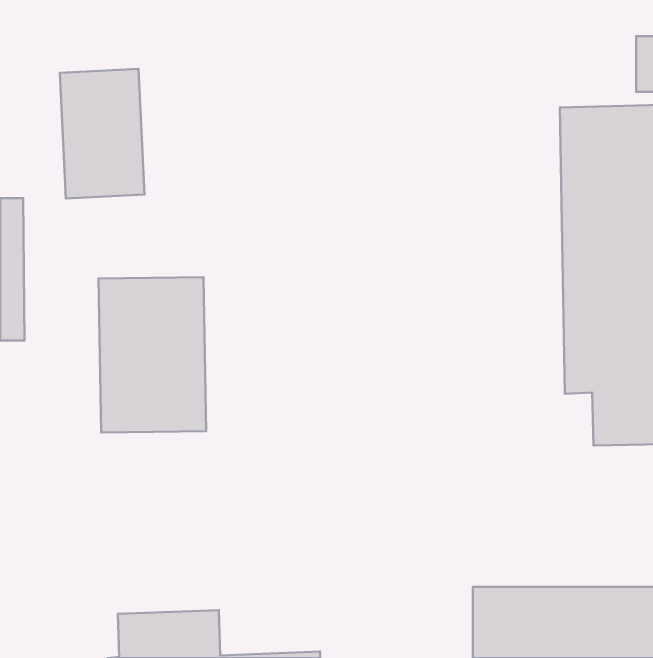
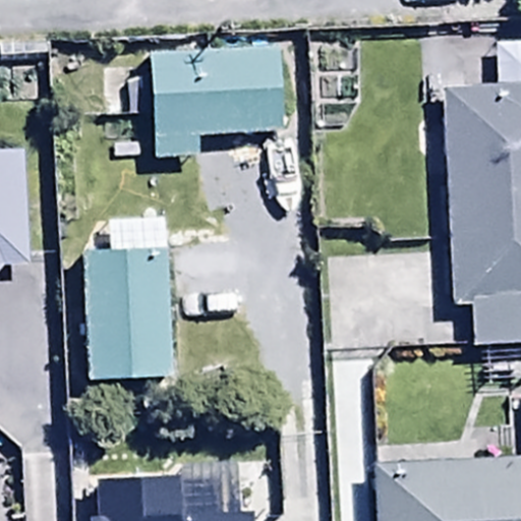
building: none -> [151,50,284,161]
building: [60,69,145,199] -> none

